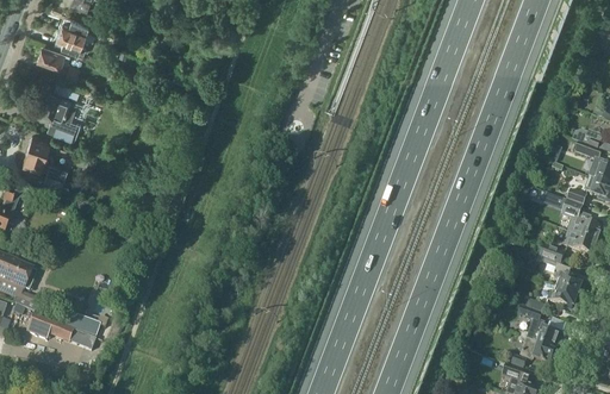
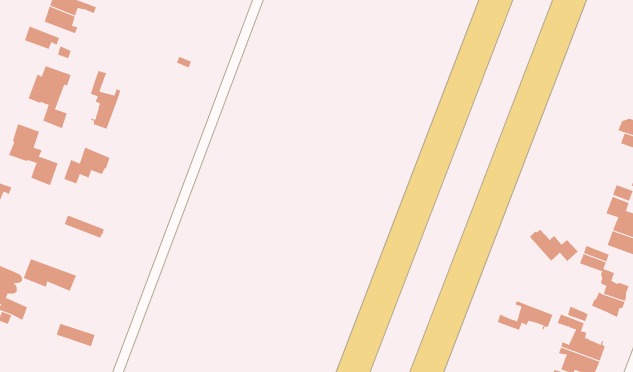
building: none -> [90,70,121,130]
building: none -> [64,147,110,184]
building: none -> [529,229,578,262]
building: none -> [497,301,553,330]
building: [25,312,74,342] -> [23,258,77,291]

